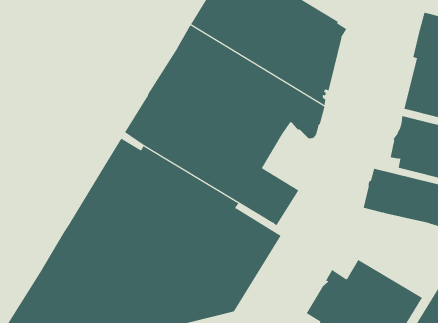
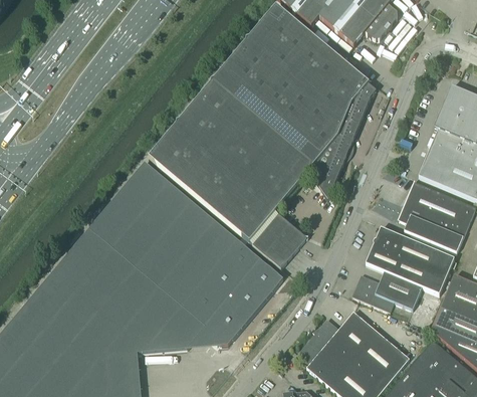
building: none -> [351,270,422,311]

